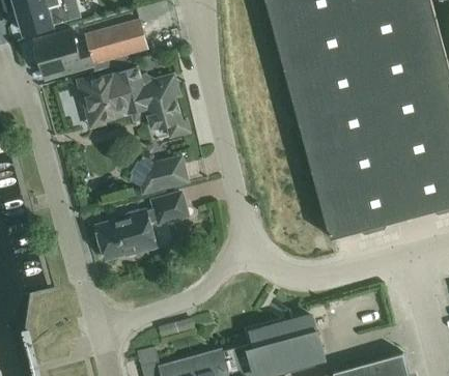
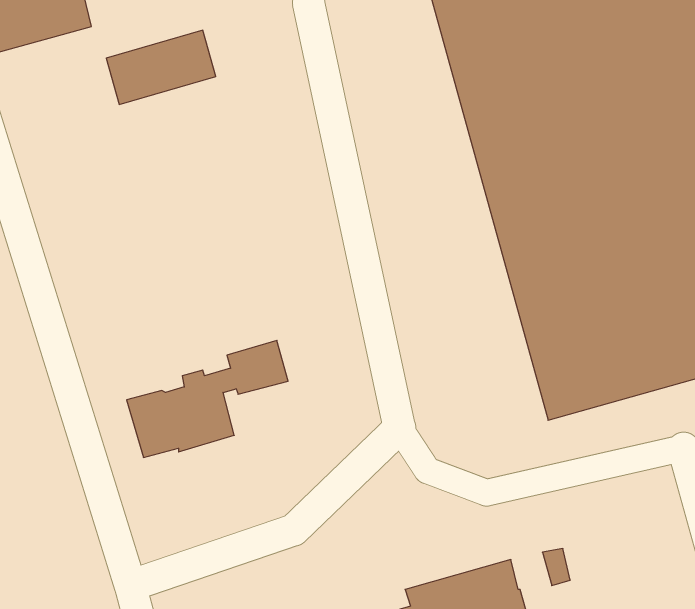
building: [34,29,92,70] -> none
building: [75,67,192,138] -> none
building: [131,157,186,194] -> none

